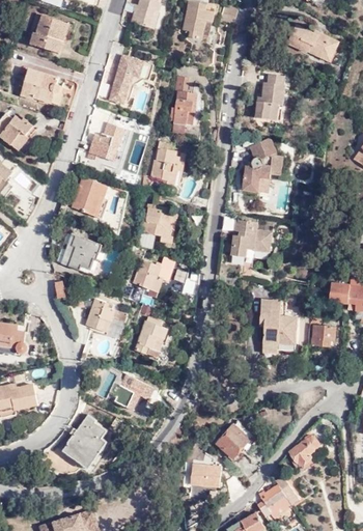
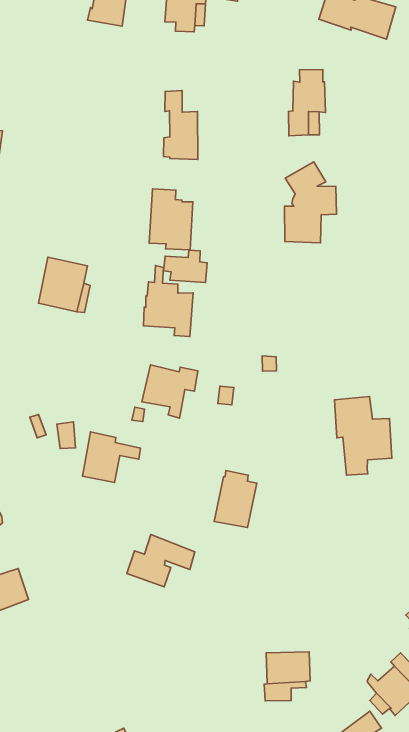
building: [109,55,153,104] -> none
building: [79,123,124,161] -> none
building: none -> [164,250,207,282]
building: [231,220,272,257] -> none
building: [60,233,102,271] -> none
building: [135,317,167,358] -> [214,470,257,528]
building: [62,415,107,469] -> none
building: [216,425,257,458] -> none

